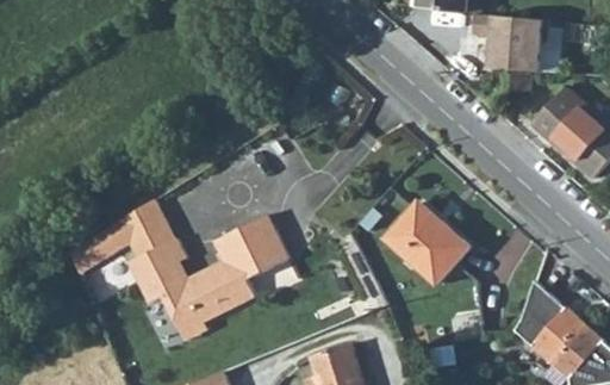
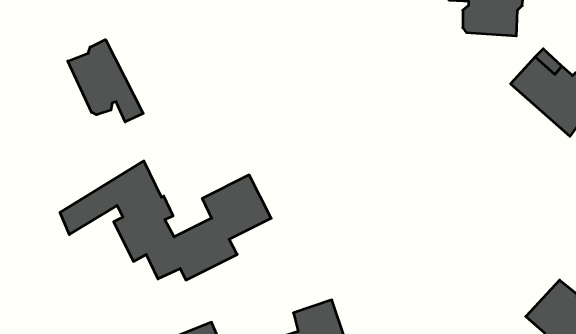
building: none -> [68,40,143,122]
building: [386,204,469,284] -> none
building: [516,284,583,362] -> none

